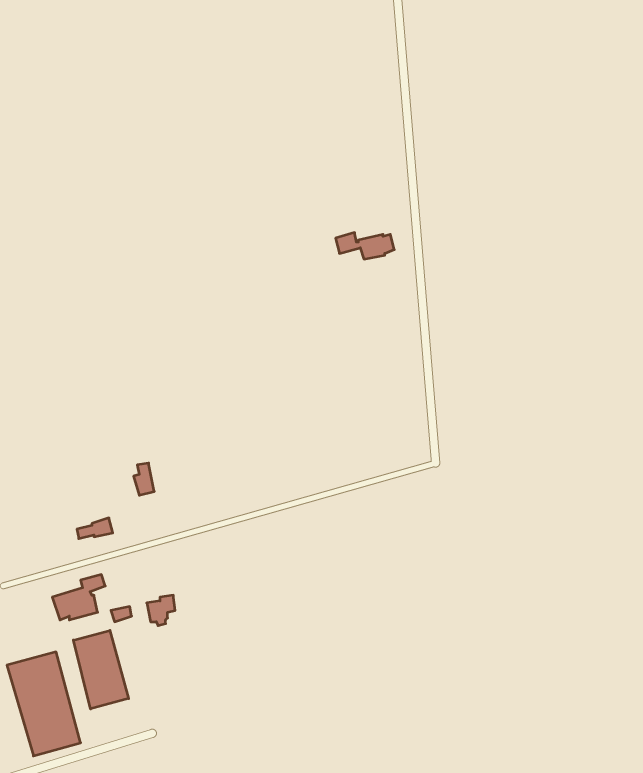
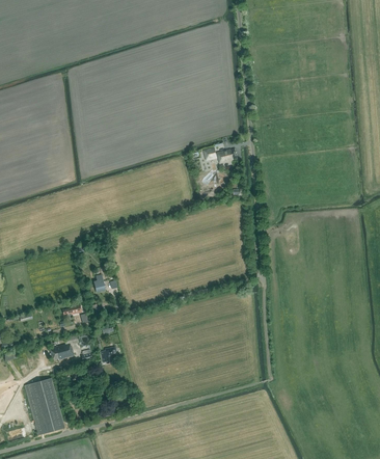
building: [73,630,129,709] -> none

